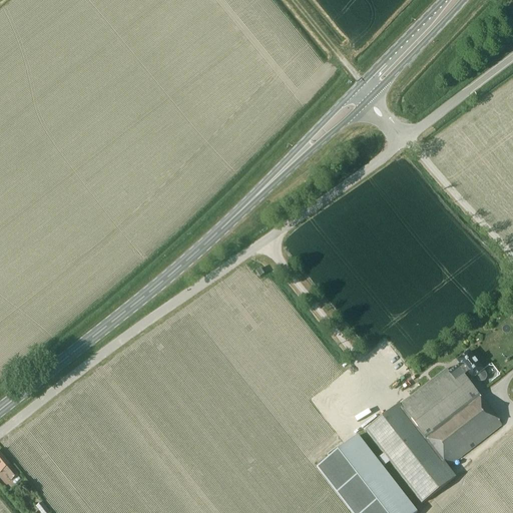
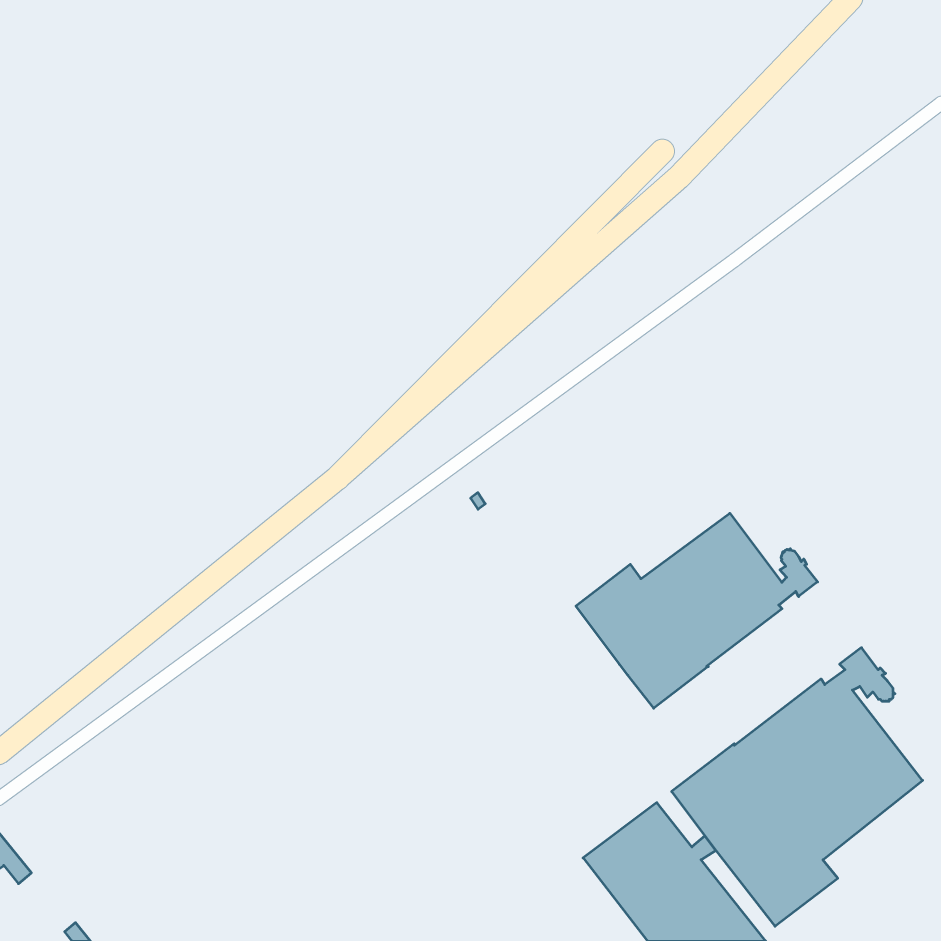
building: none -> [576,513,818,708]

